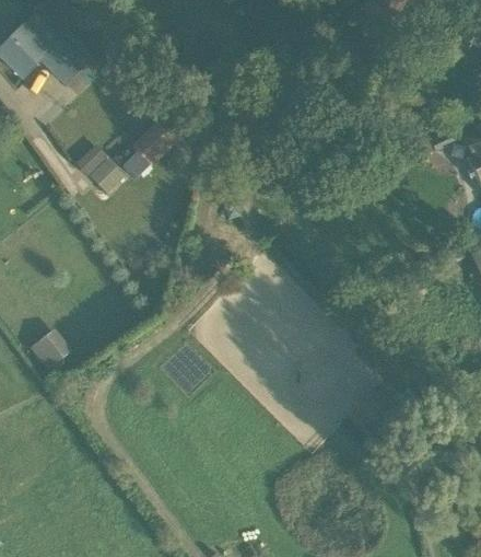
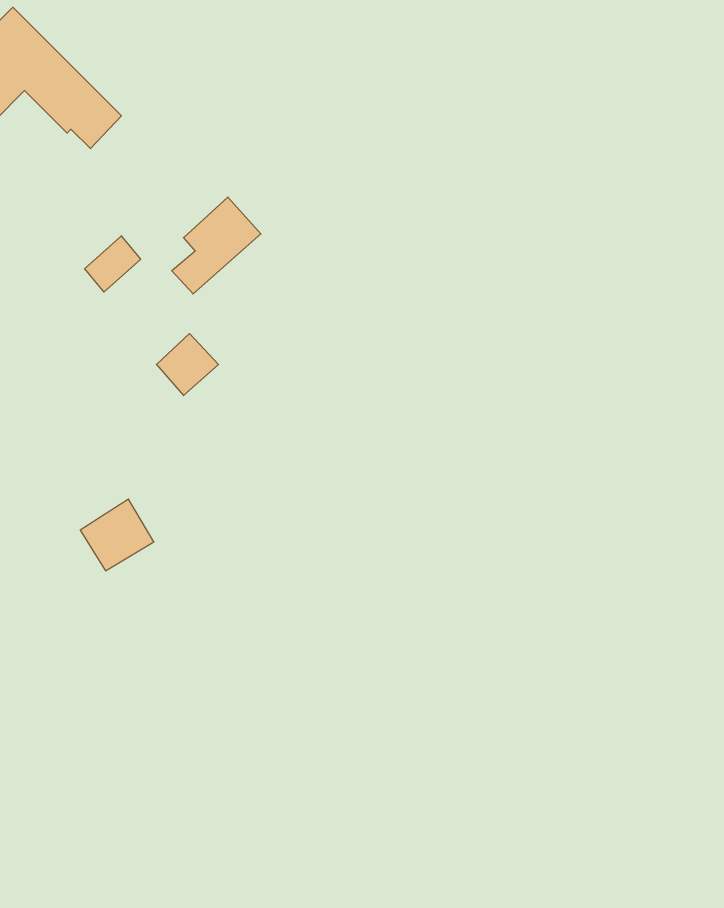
building: [90,158,125,193] -> [156,334,218,396]
building: [33,325,74,365] -> [80,499,154,571]

